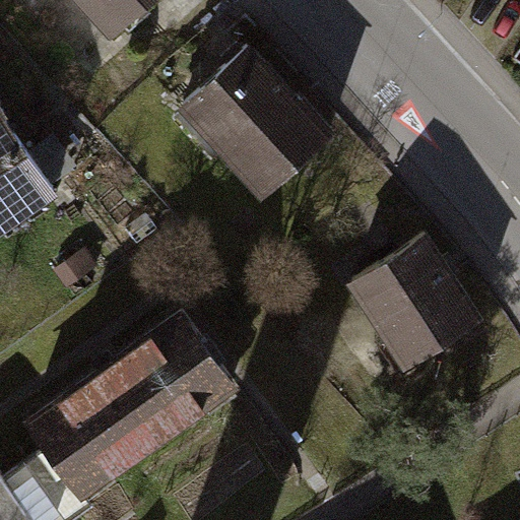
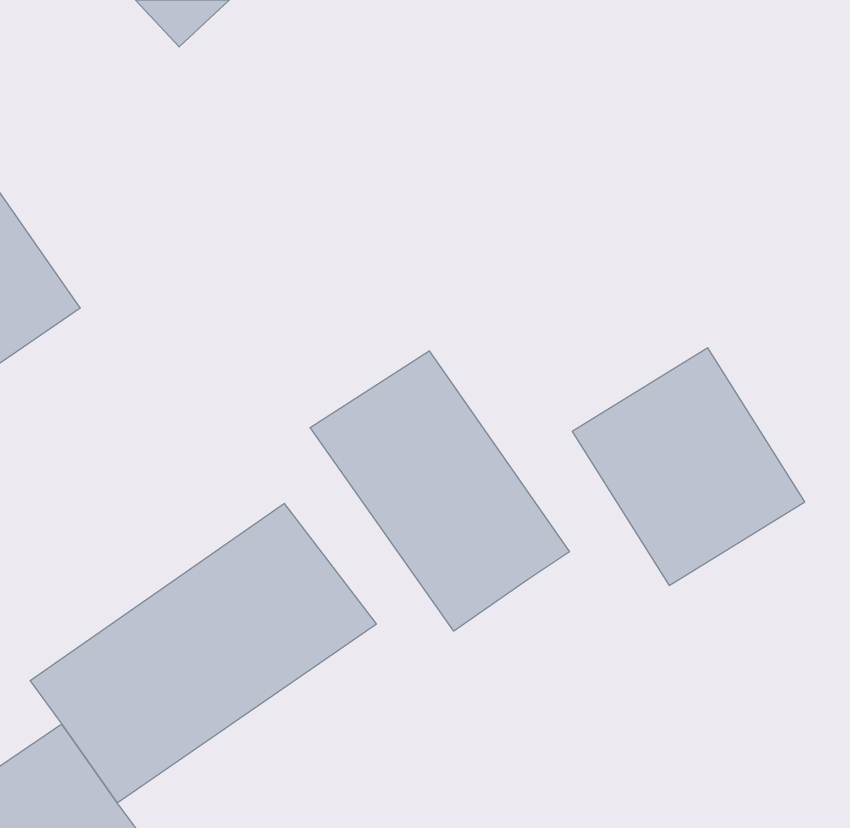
building: [178,43,340,202] -> none
building: none -> [310,351,569,631]

